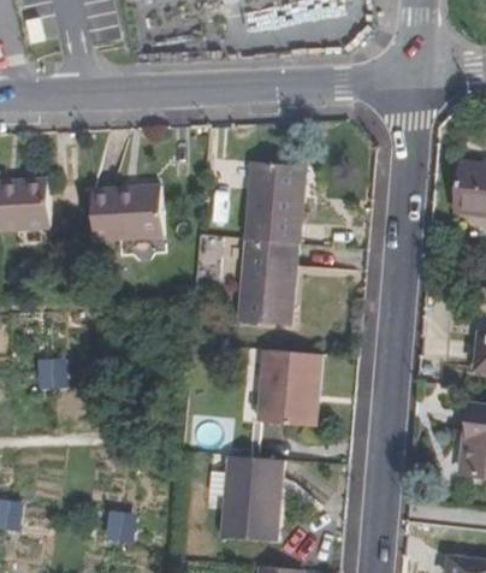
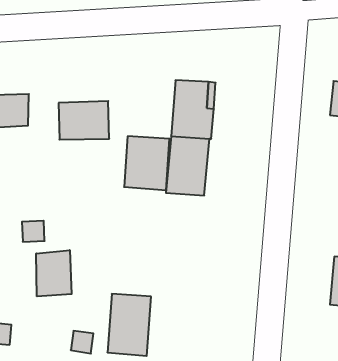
building: [256,348,319,423] -> [124,136,170,190]
building: none -> [36,250,72,296]
building: [223,455,283,540] -> [107,294,151,356]

